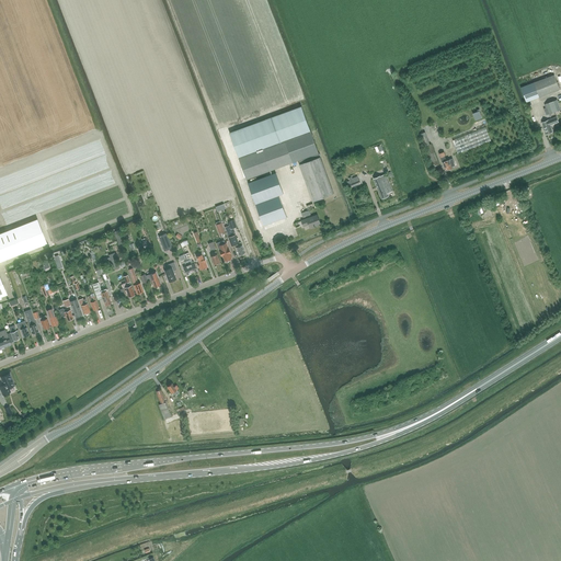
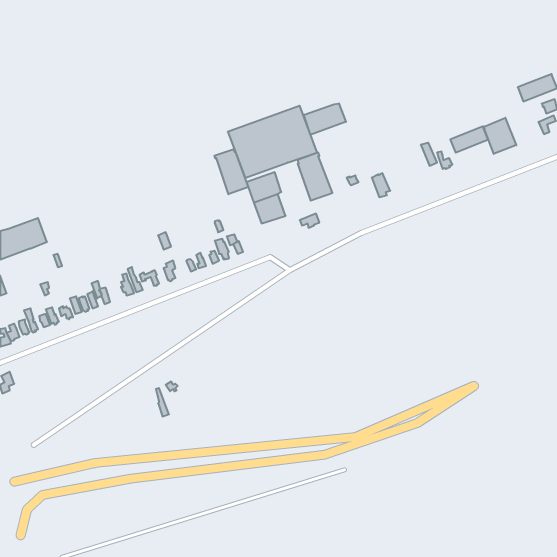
building: none -> [304,103,346,135]
building: none -> [484,118,516,154]
building: none -> [214,149,248,194]

